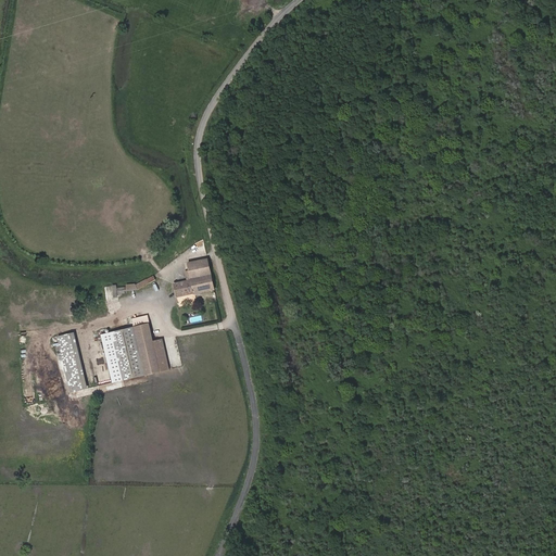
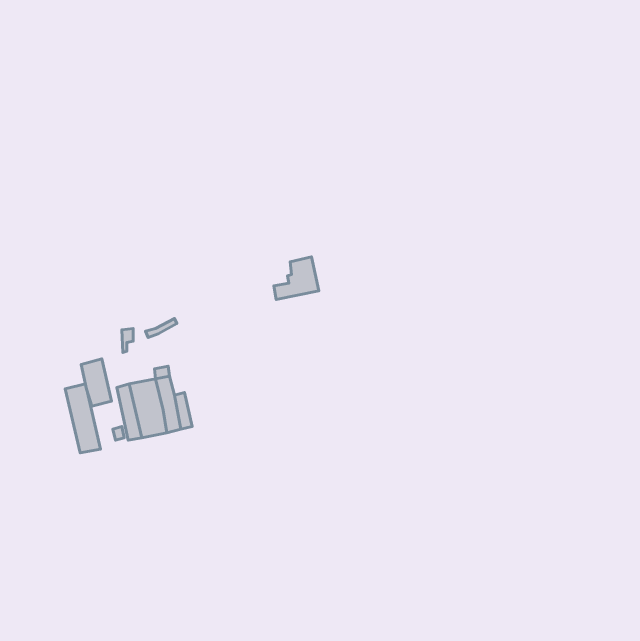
building: [174,258,213,295] -> [274,257,319,300]
building: none -> [81,359,112,406]

